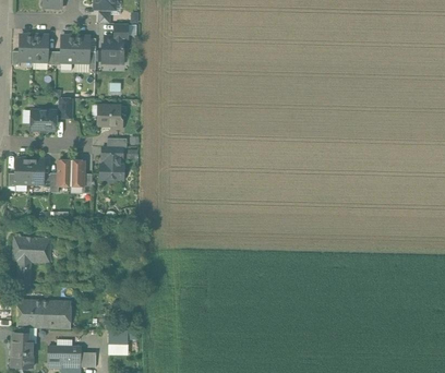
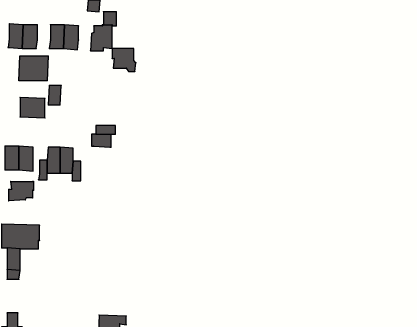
building: none -> [19,56,48,81]
building: [98,106,122,129] -> [112,49,136,71]
building: [100,159,123,184] -> none
building: none -> [9,181,34,201]
building: [16,300,71,328] -> none

